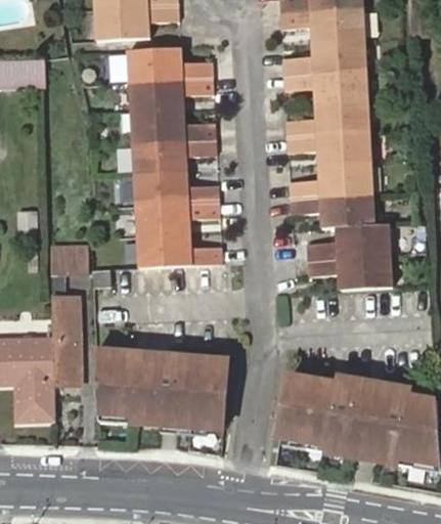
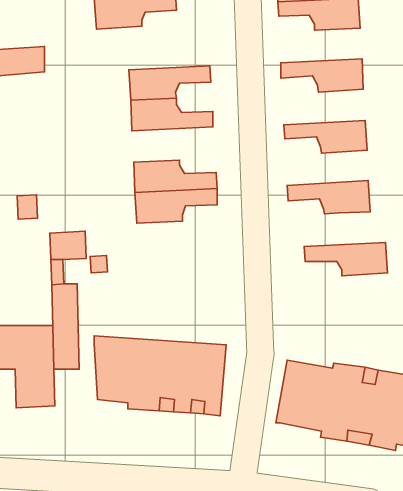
building: [282,39,365,74] -> none
building: [128,48,212,81] -> none
building: [286,100,368,136] -> none
building: [133,138,216,174] -> none
building: [290,162,371,198] -> none
building: [307,224,389,259] -> none
building: [138,233,222,267] -> none

